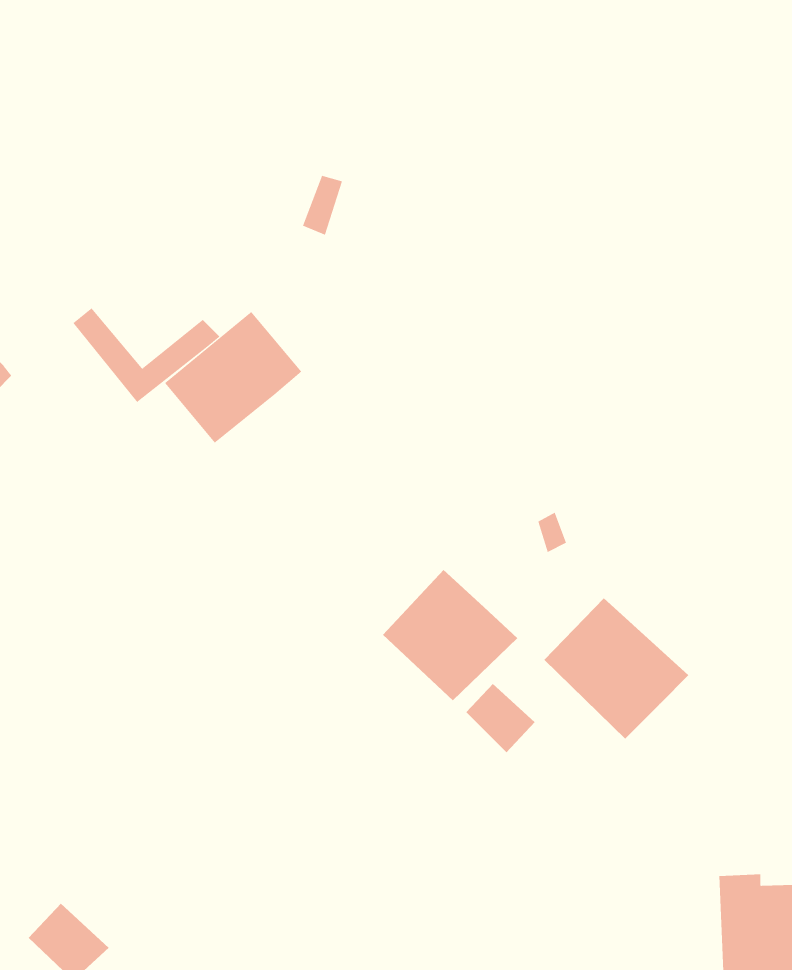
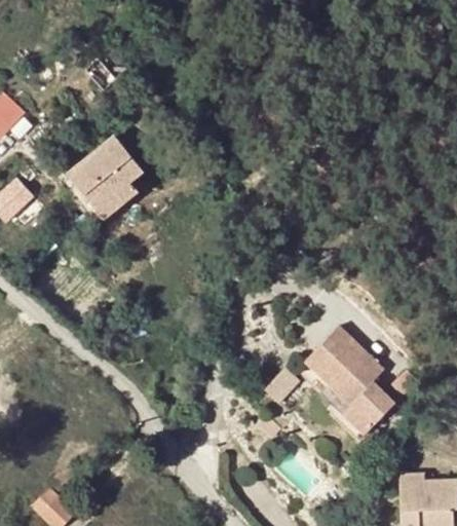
building: [164,311,302,443] -> [69,137,142,206]
building: [382,569,518,701] -> none
building: none -> [343,384,392,434]

